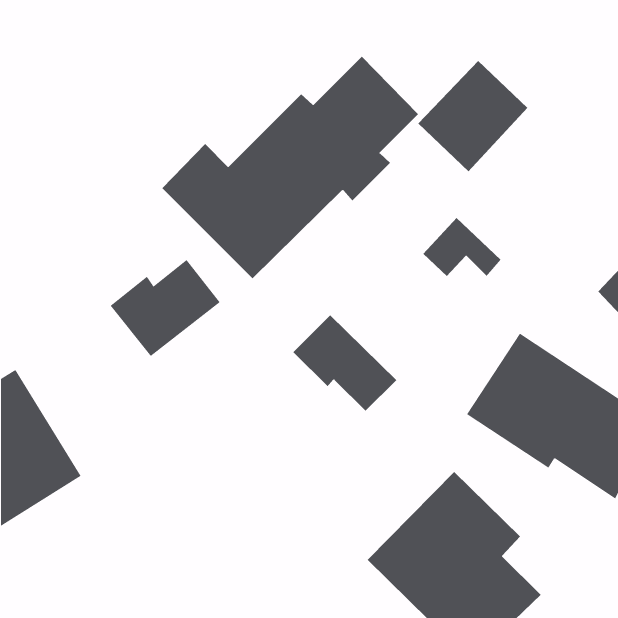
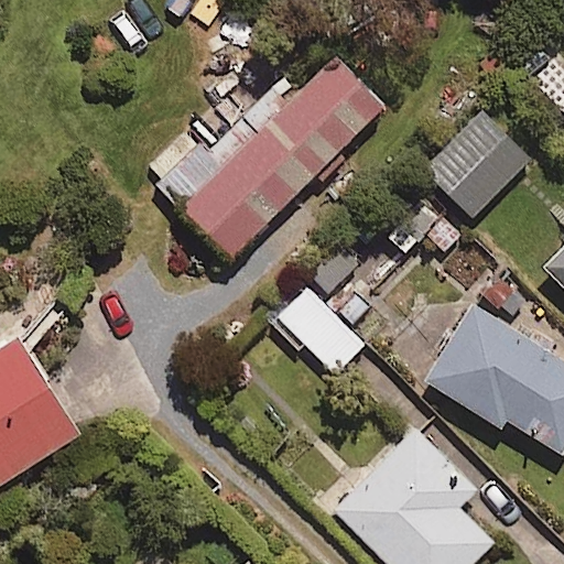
building: [418,60,528,172] -> [427,116,528,217]
building: [110,259,221,357] -> none

